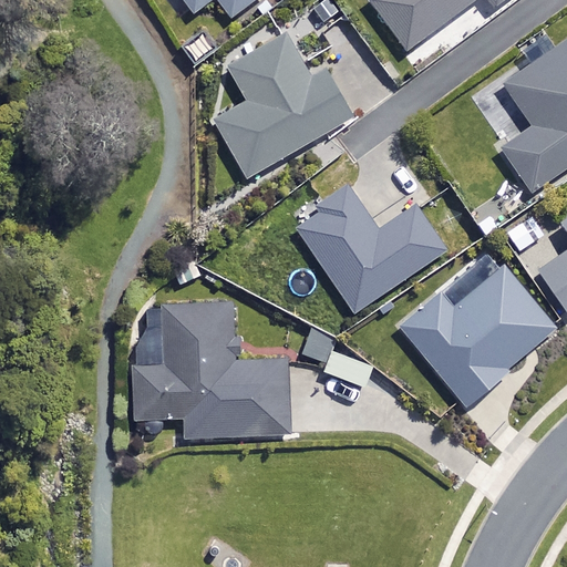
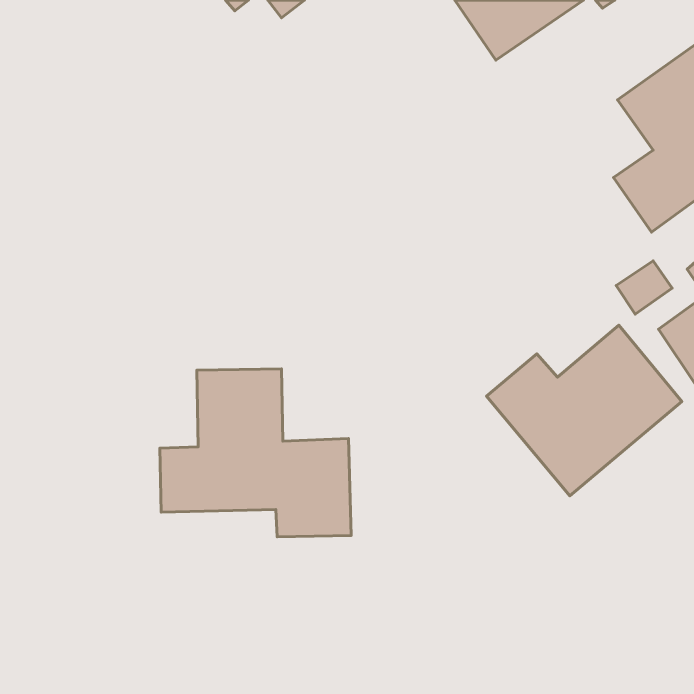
building: [213,33,352,177] -> none
building: [296,185,449,312] -> none

